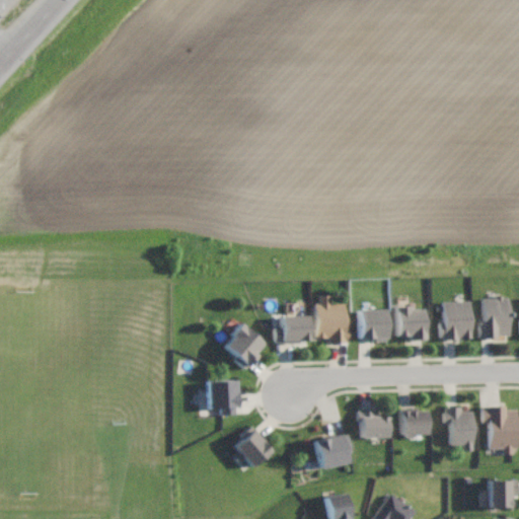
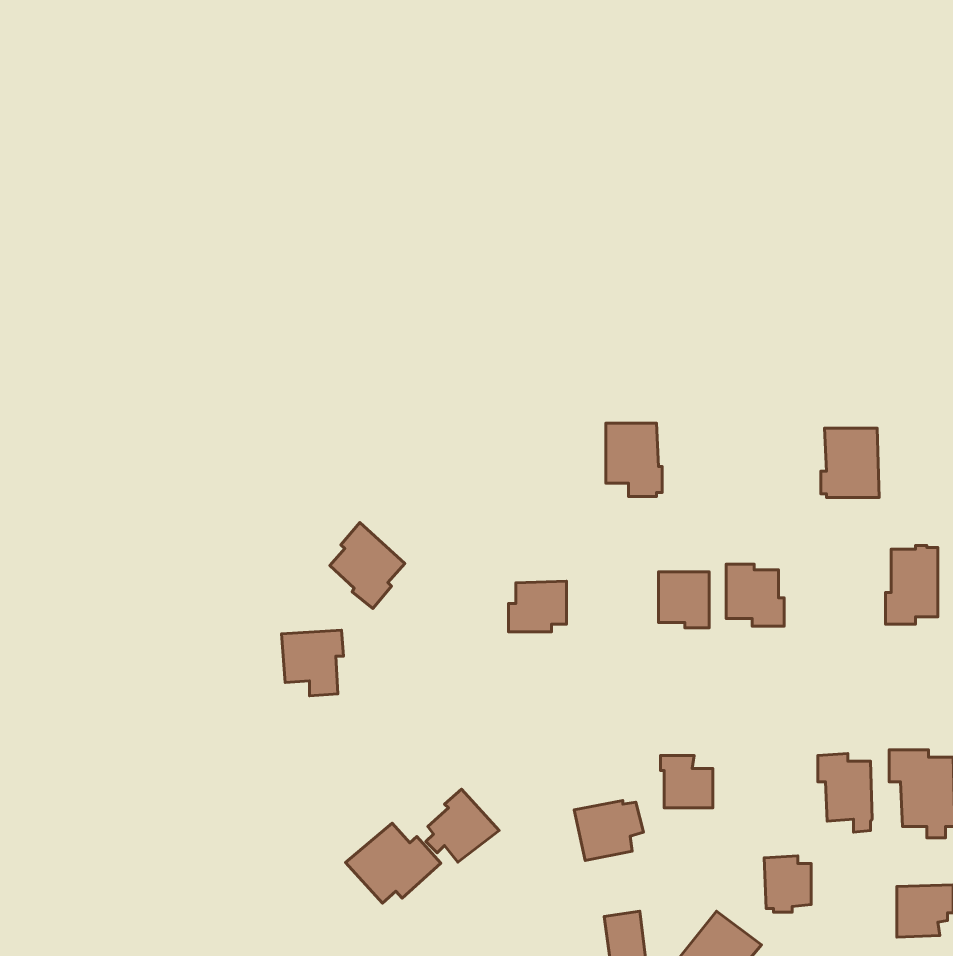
building: [441,302,472,340] -> [821,428,879,498]
building: [318,303,349,343] -> [606,423,662,496]
building: [223,321,264,368] -> [330,522,405,609]
building: [206,379,239,415] -> [282,630,343,696]
building: [401,406,427,437] -> [764,856,811,912]
building: none -> [345,823,441,903]

